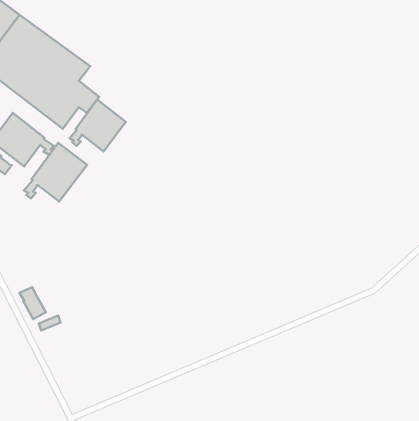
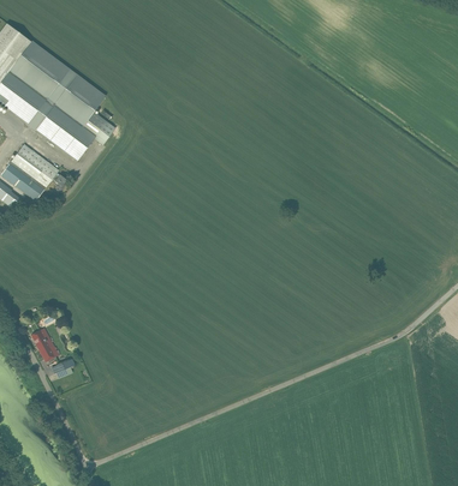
building: [70,100,126,151] -> none
building: [24,143,87,202] -> none

